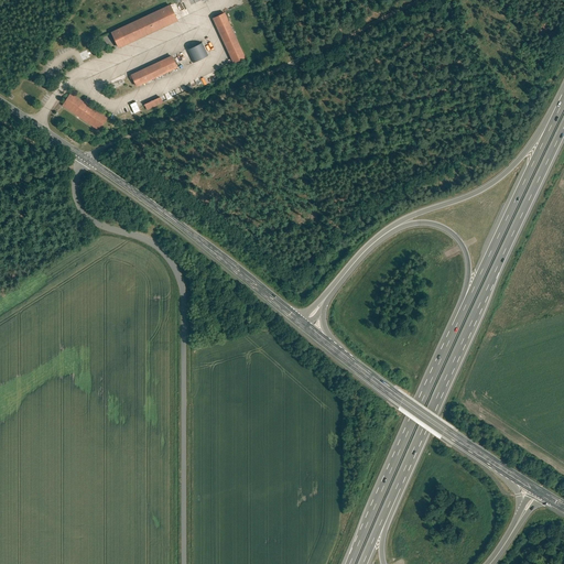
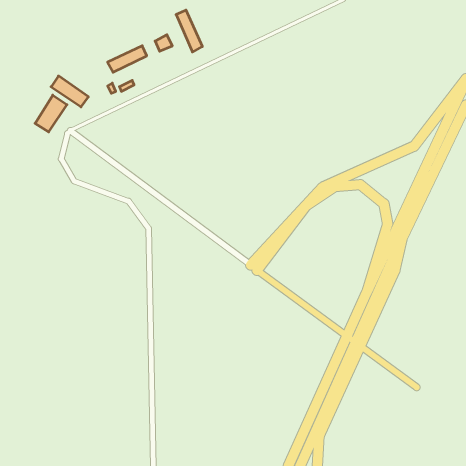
building: [110,6,177,48] -> none
building: none -> [35,95,67,132]

